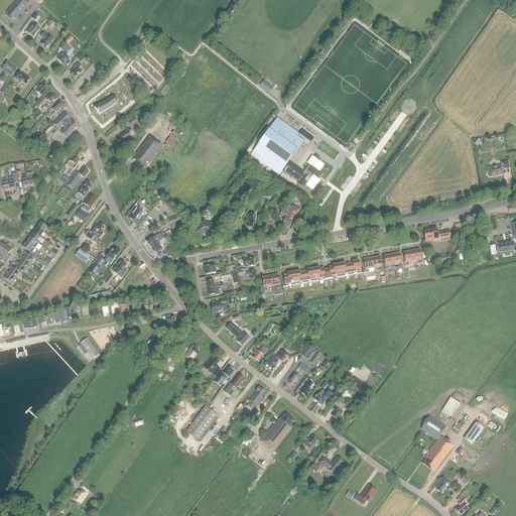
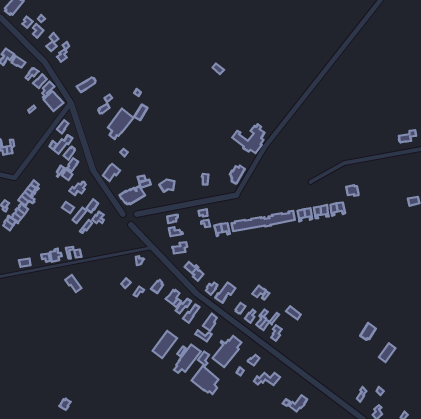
building: [251,117,312,173] -> none
building: [420,413,454,471] -> none
building: none -> [174,344,201,373]
building: none -> [191,366,219,394]

